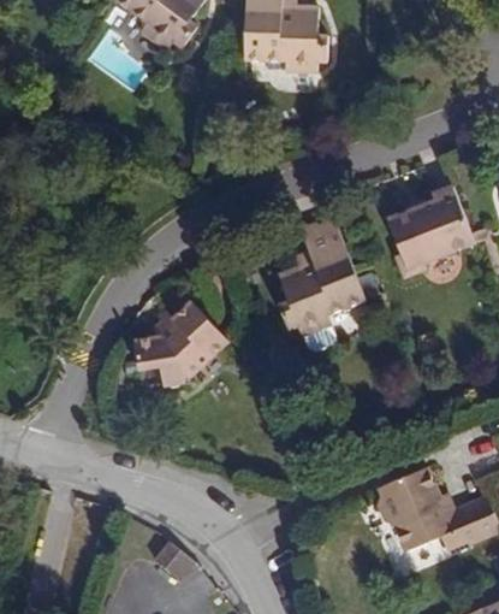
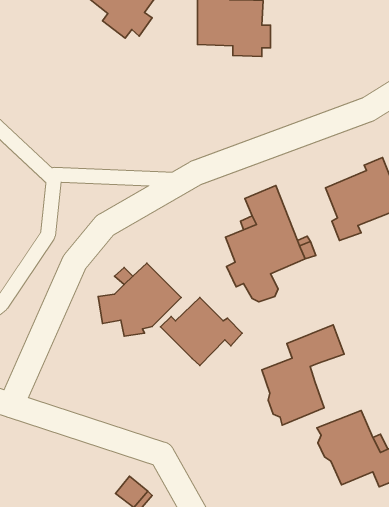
building: none -> [161,298,242,366]
building: none -> [262,325,344,425]

